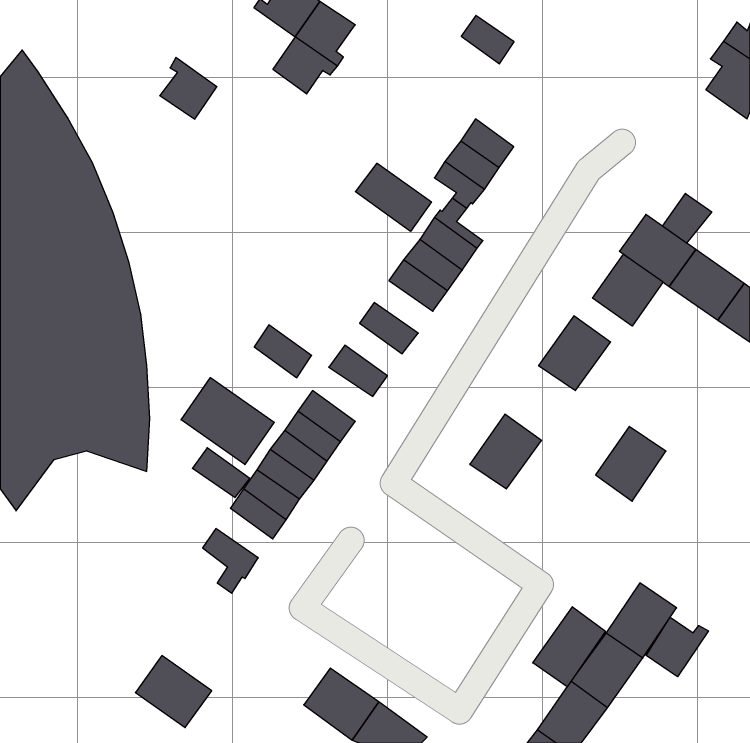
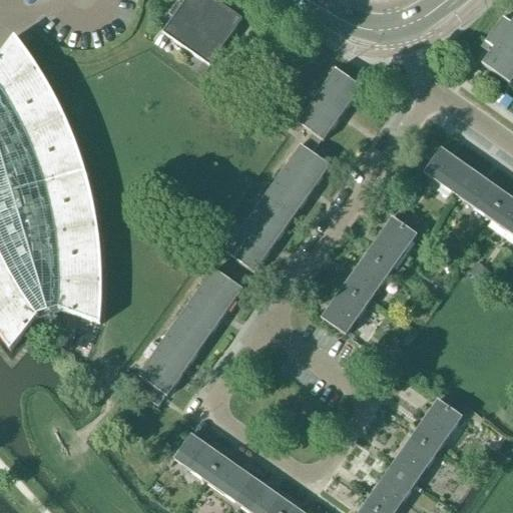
building: [461,15,514,64] -> [325,67,361,100]
building: [160,57,217,119] -> [162,5,201,47]
building: [355,163,431,231] -> none
building: [662,193,712,243] -> none
building: [593,254,663,326] -> none
building: none -> [255,191,296,227]
building: [254,325,312,378] -> [235,220,275,256]
building: [181,378,274,465] -> none
building: [596,426,666,501] -> [345,249,393,301]
building: [192,448,250,498] -> [147,347,186,381]
building: [533,607,605,687] -> none
building: [646,617,708,677] -> none
building: [135,656,212,728] -> [173,432,225,481]

